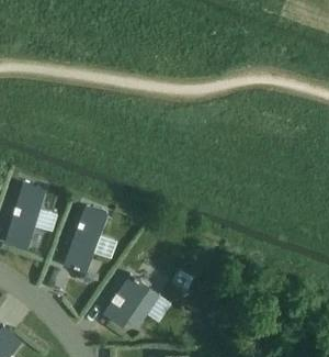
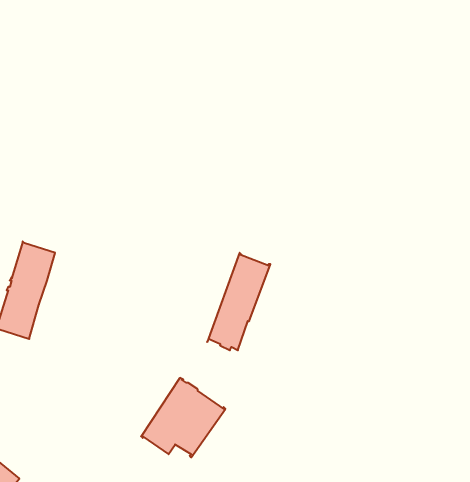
building: [65,205,107,271] -> [207,253,270,350]

